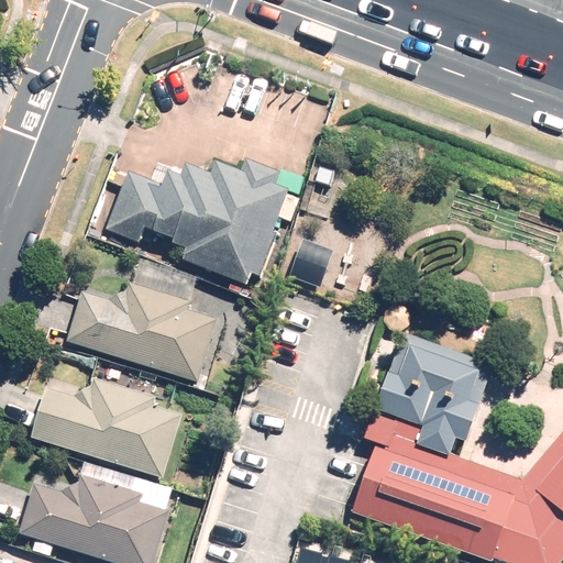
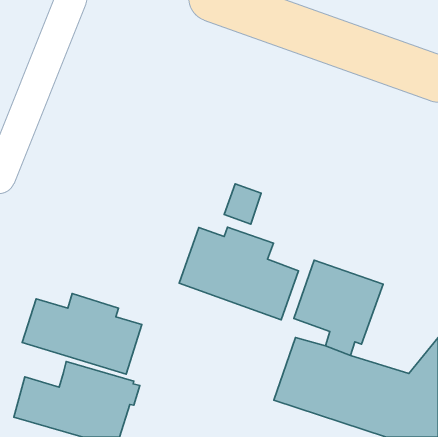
building: [108,159,288,285] -> none
building: [65,258,218,387] -> none
building: none -> [179,227,298,320]

